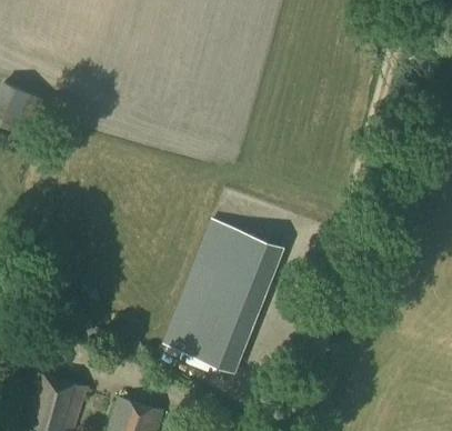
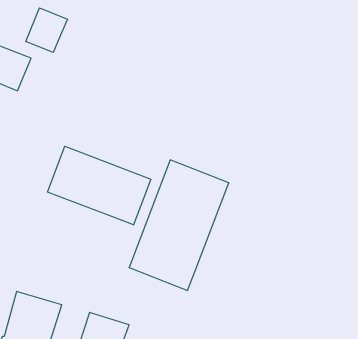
building: none -> [26,8,68,52]
building: none -> [48,146,151,225]

